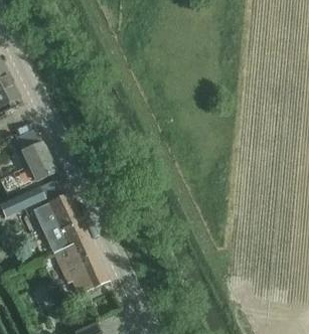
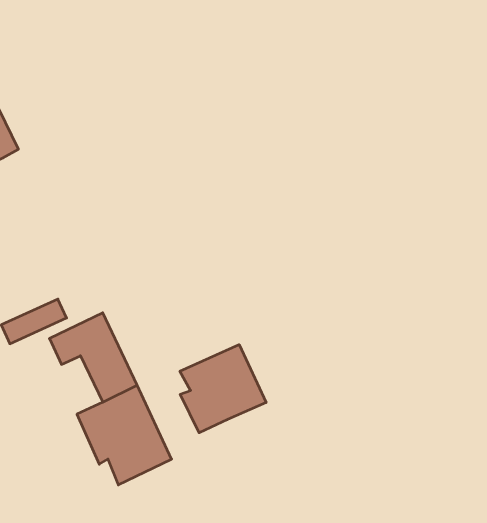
building: [15,129,57,181] -> none
building: none -> [180,345,266,433]

